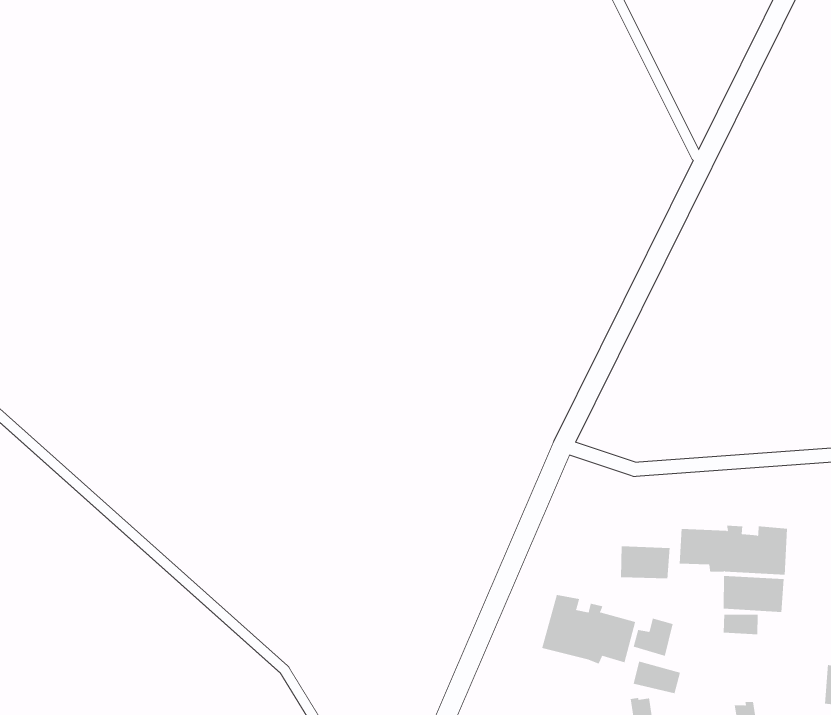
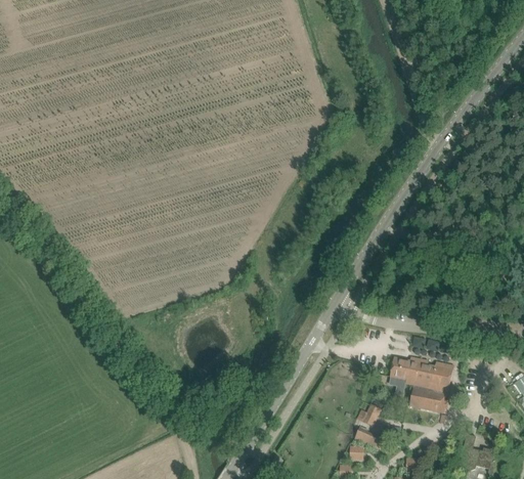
building: [620,546,670,579] -> none
building: [541,594,636,665] -> none

